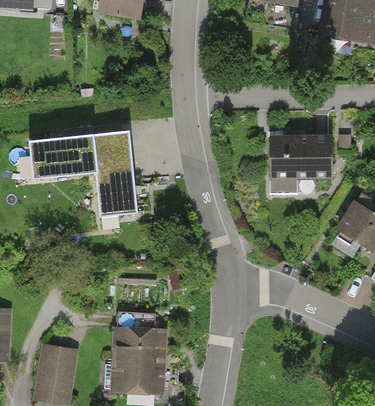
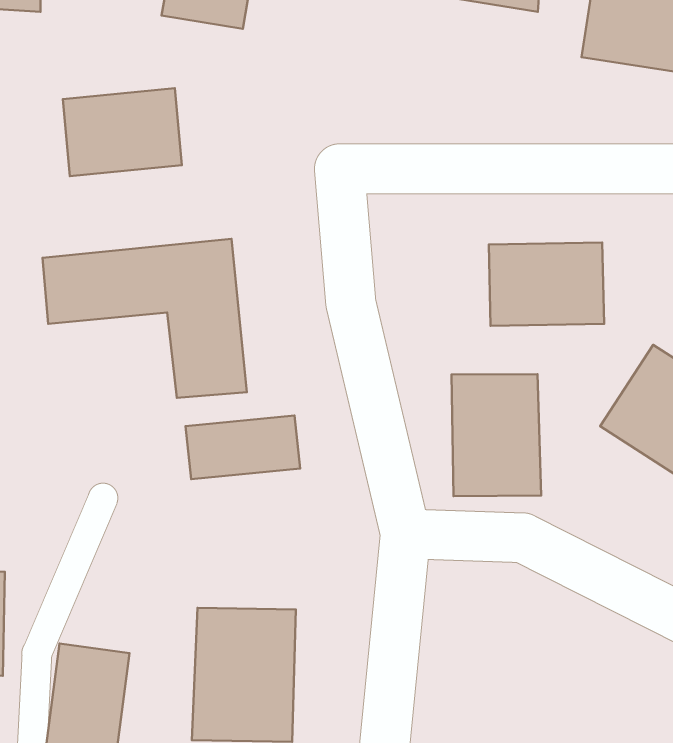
building: none -> [63,88,182,176]
building: none -> [452,374,541,496]
building: none -> [186,416,300,479]

